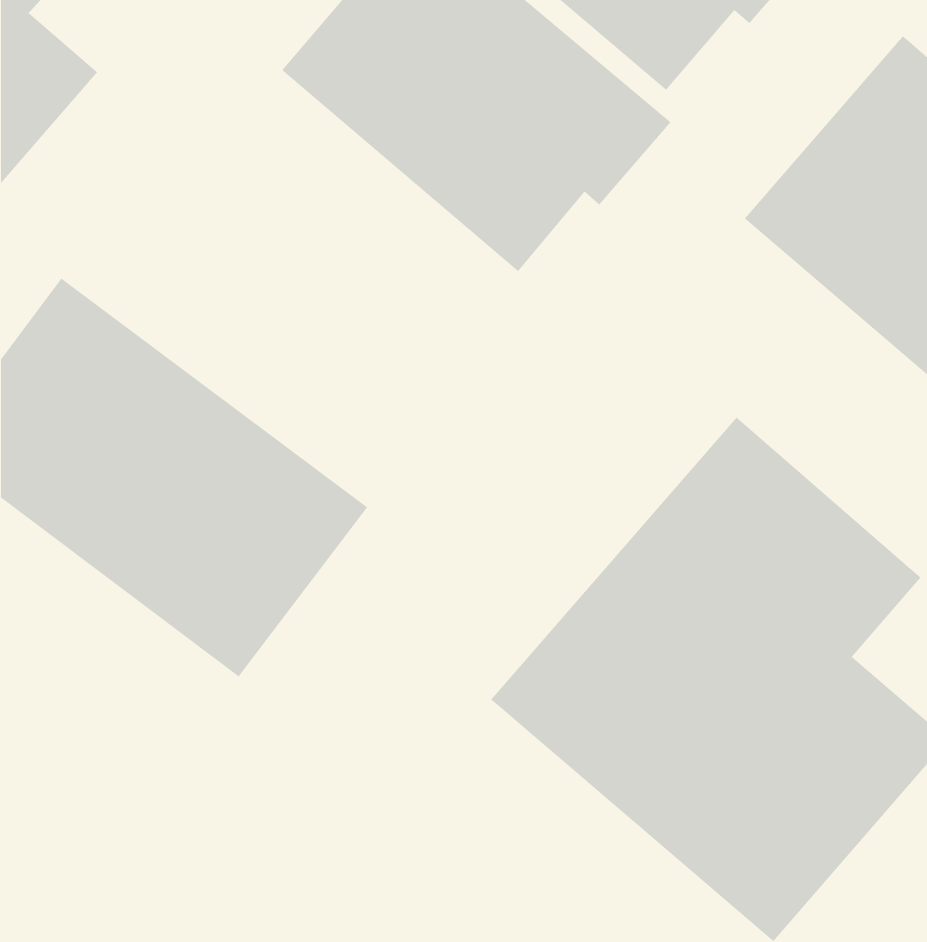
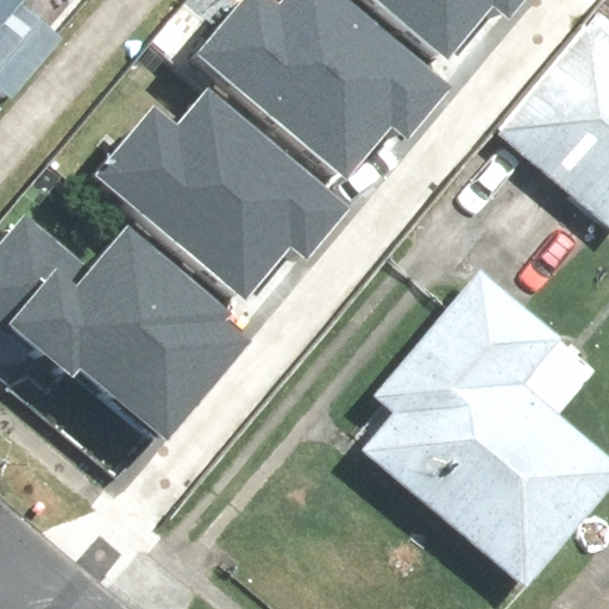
building: none -> [93,90,350,289]

